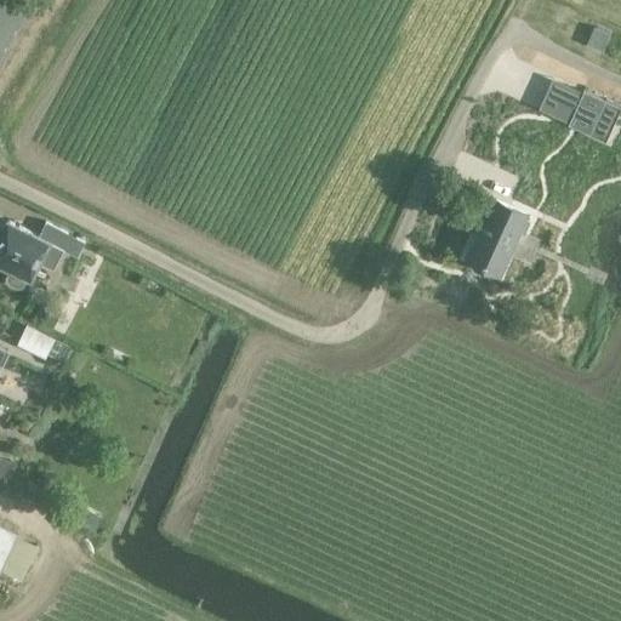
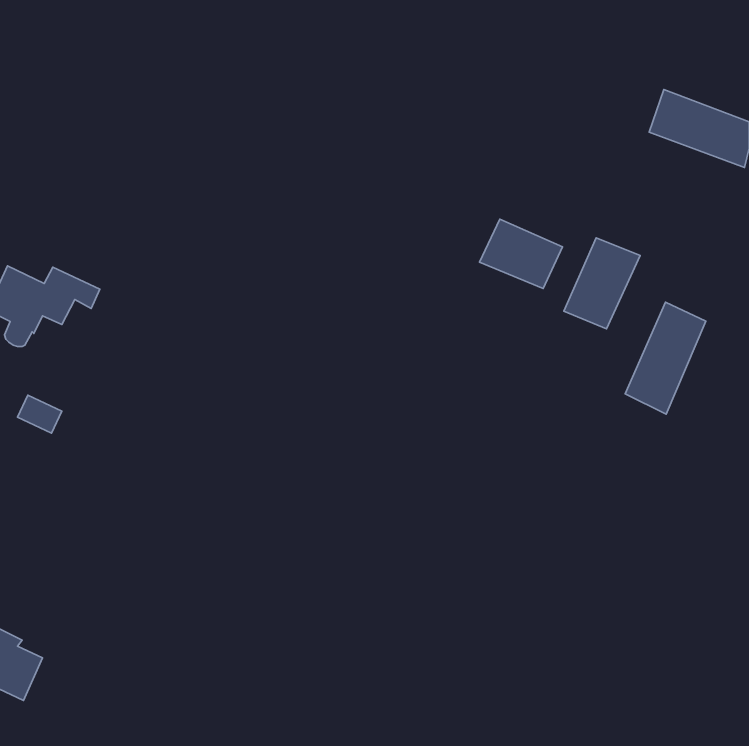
building: none -> [480,219,562,289]
building: none -> [625,302,706,414]

